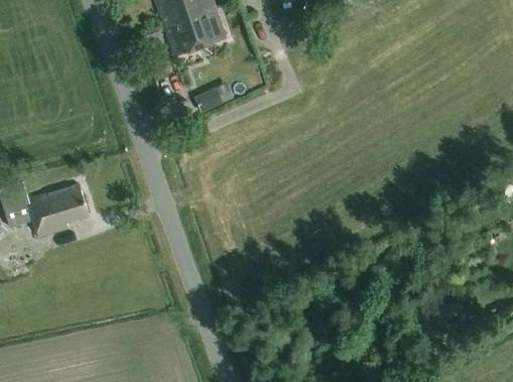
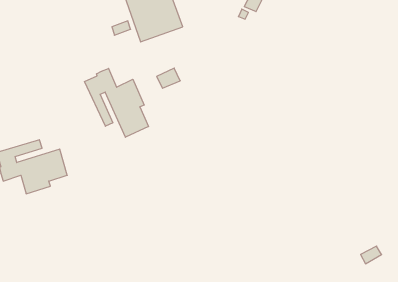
building: none -> [84,68,148,137]

